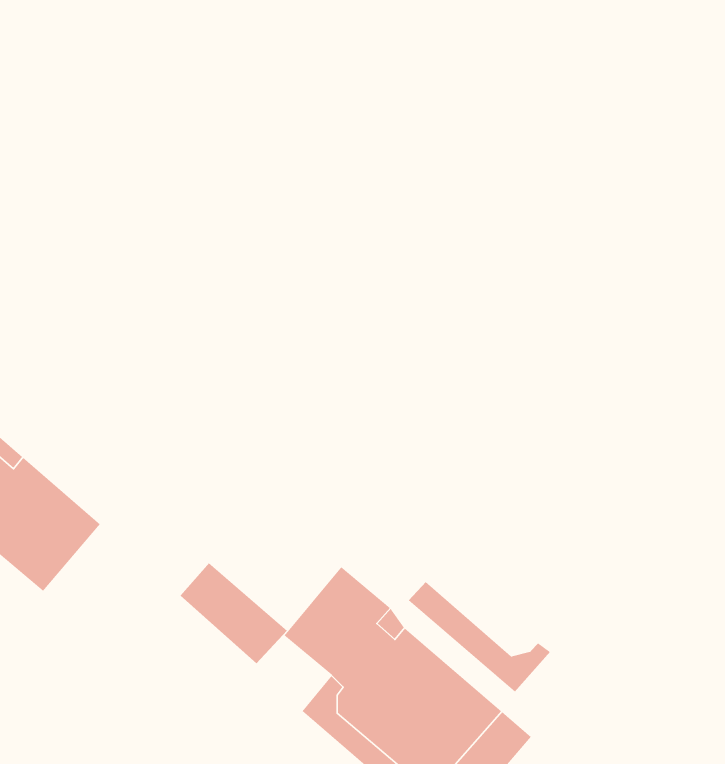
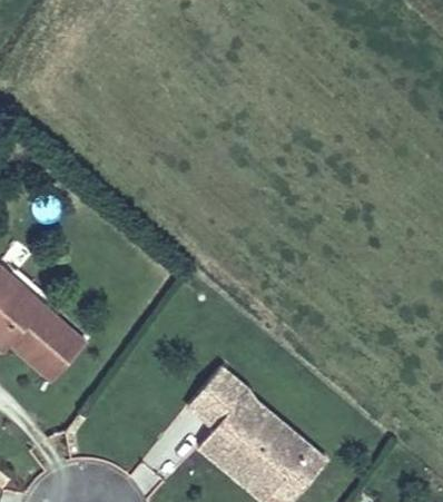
building: [179,562,288,664] -> none
building: [408,581,551,692] -> none

